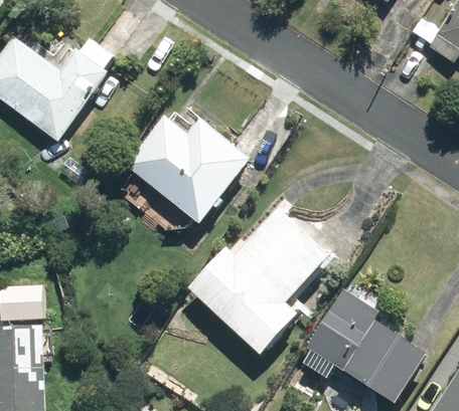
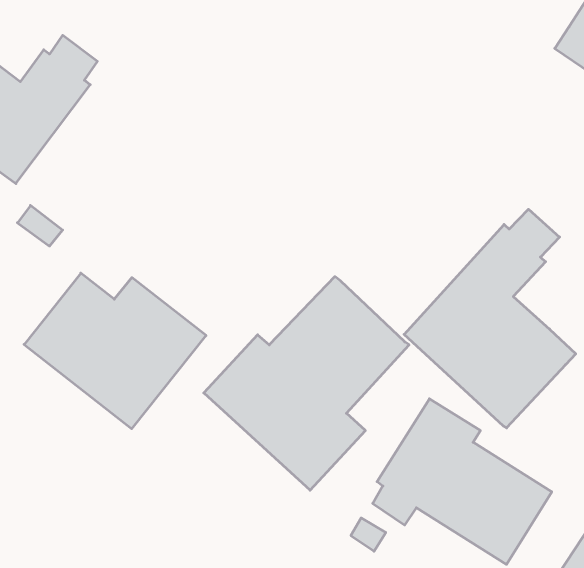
building: [125,116,251,223] -> [24,273,206,429]
building: none -> [404,209,576,428]

